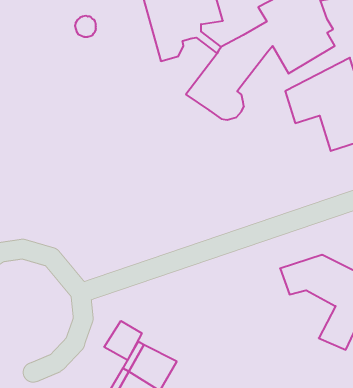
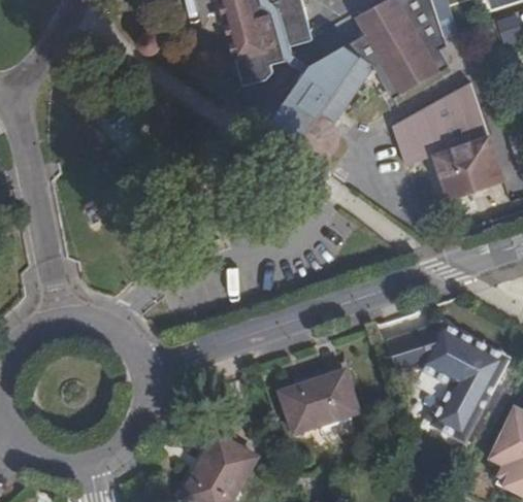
building: none -> [277,369,353,429]
building: [104,321,142,360] -> none

